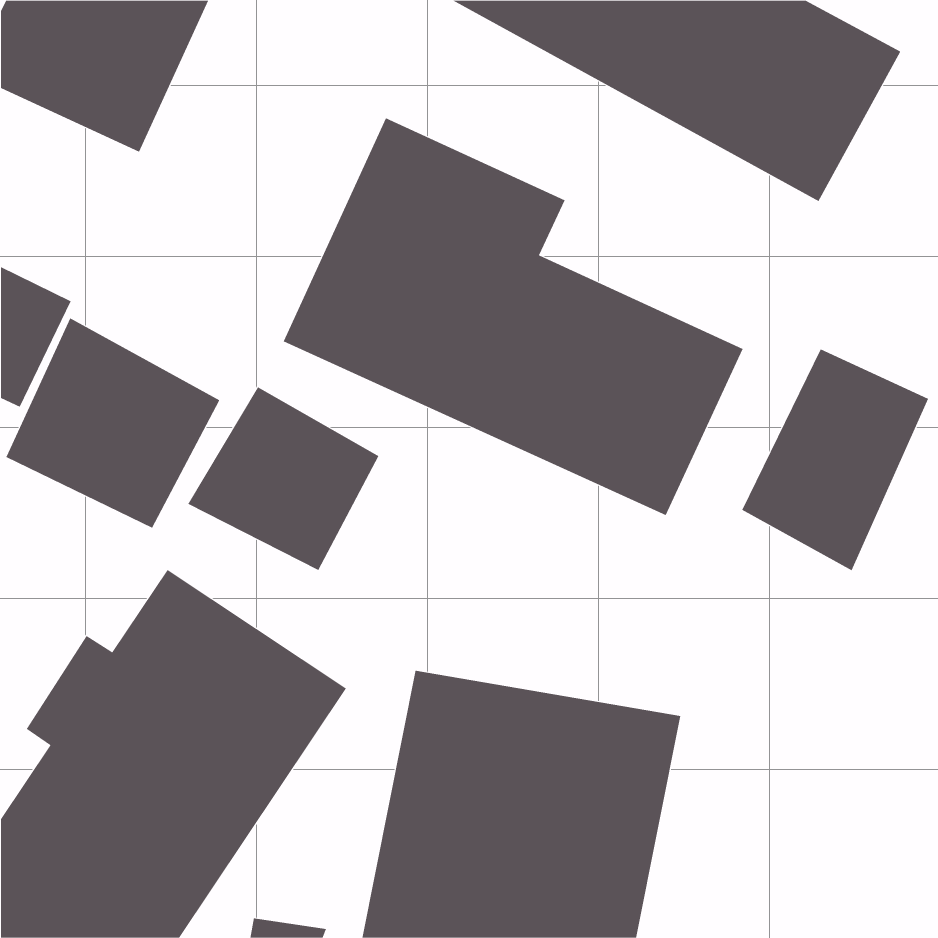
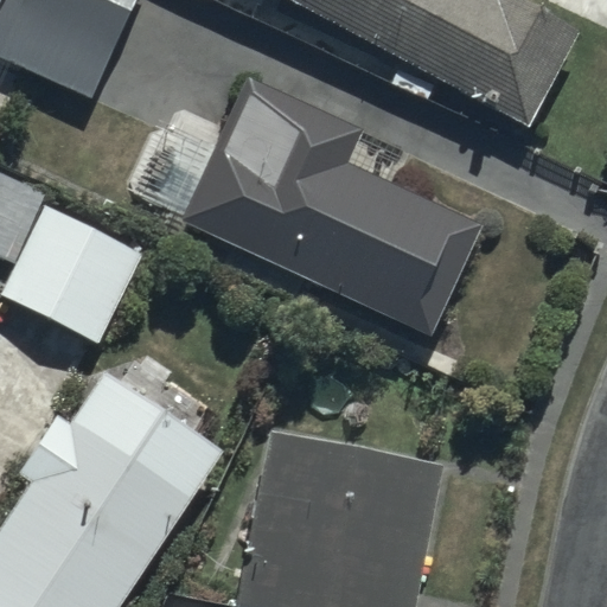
building: [741,349,929,571] -> none
building: [188,387,379,571] -> none

